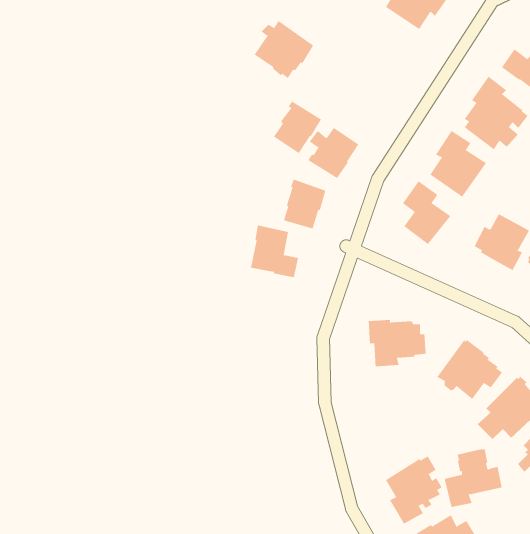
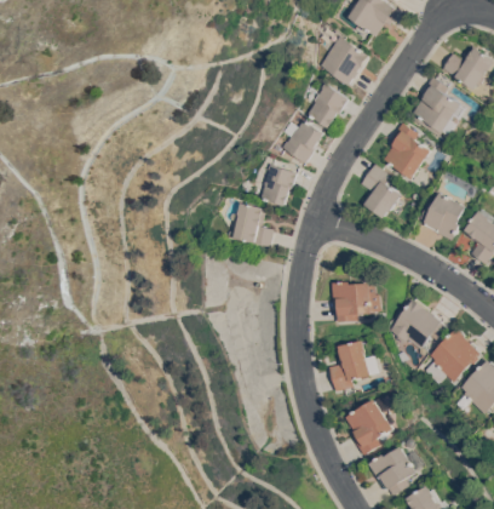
building: [254,20,314,79] -> [318,35,369,85]
building: [273,101,322,154] -> [306,82,347,127]
building: [444,449,503,508] -> [329,341,379,390]

